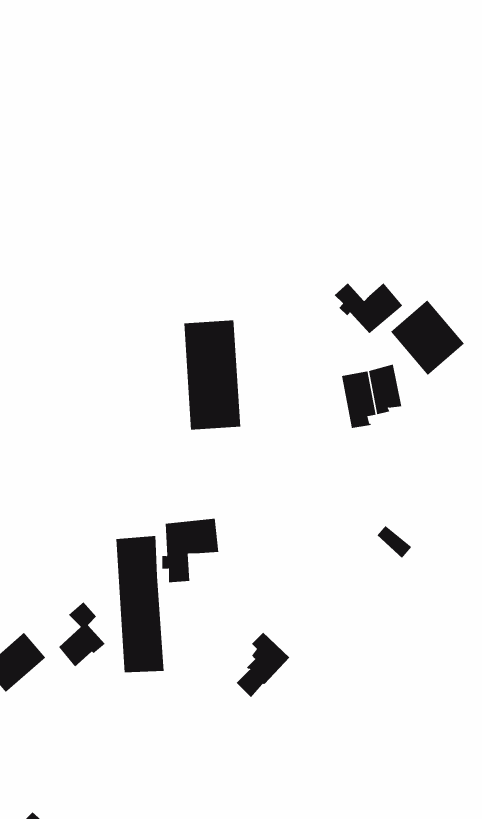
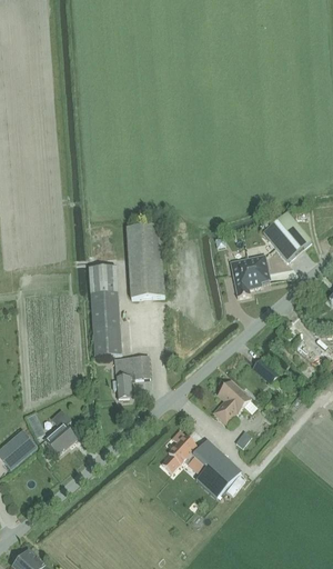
building: [334,282,403,334] -> none
building: [115,536,164,673] -> [89,264,121,355]
building: none -> [213,379,250,422]
building: none -> [192,439,241,497]

